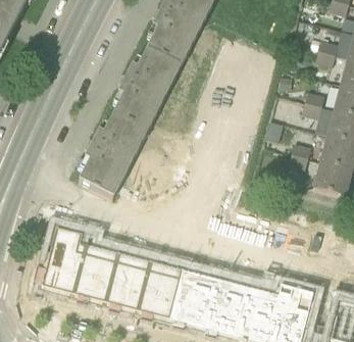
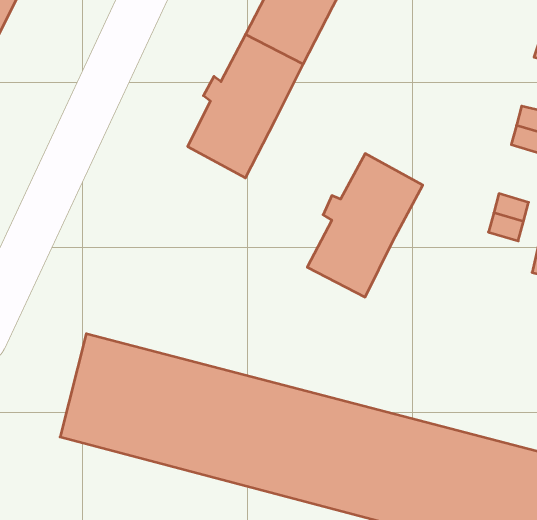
building: [79,114,146,198] -> [307,154,423,297]

